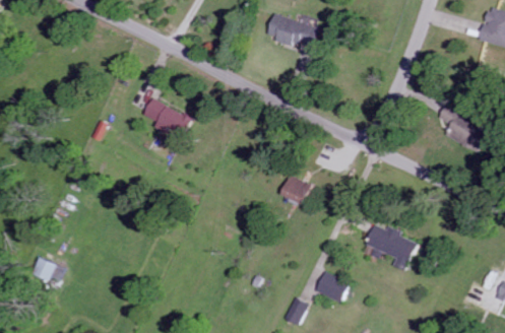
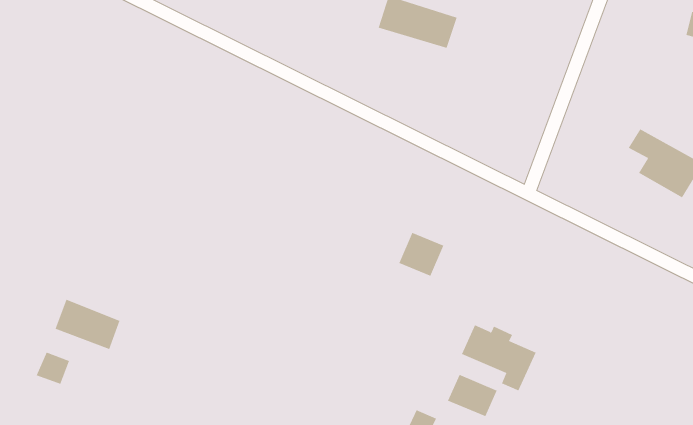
building: [142,95,191,140] -> none
building: none -> [55,299,120,350]
building: [366,223,418,269] -> [461,324,537,391]

